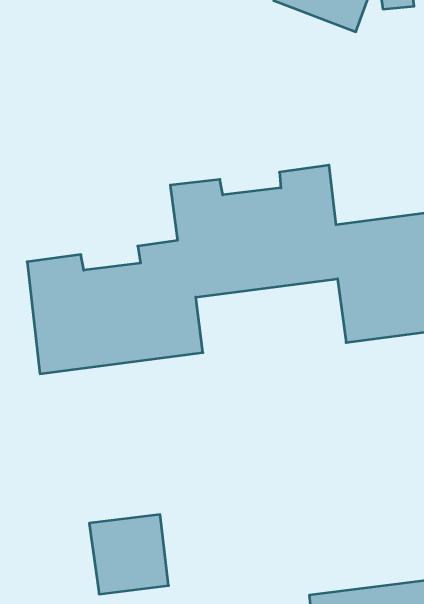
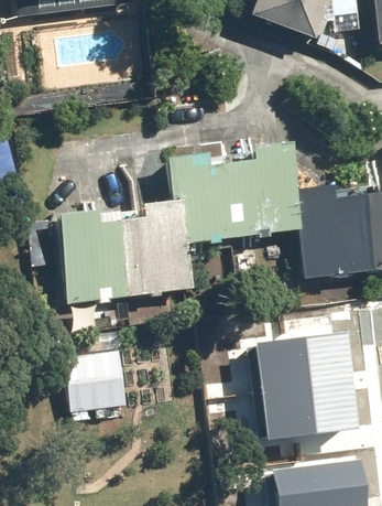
building: none -> [263,334,358,433]
building: [89,515,169,594] -> [63,348,124,410]

